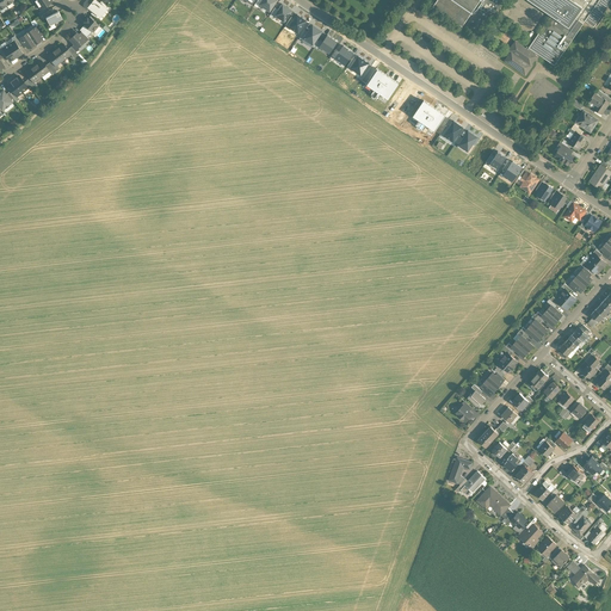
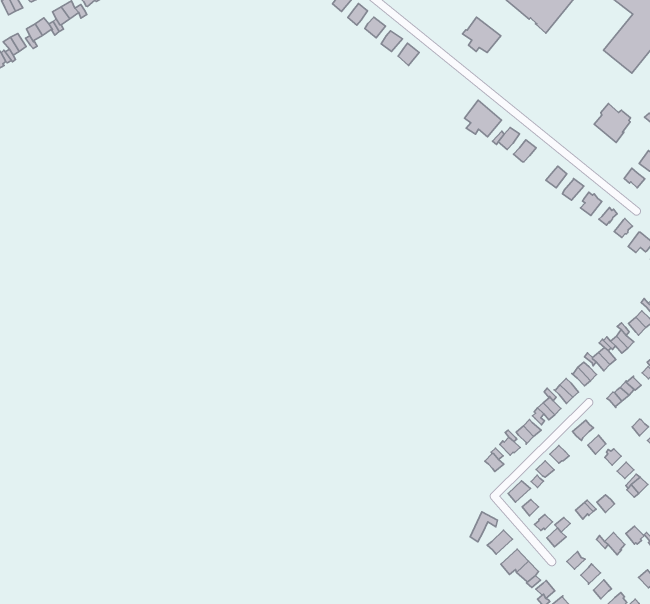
building: [504,42,535,75] -> [594,103,631,143]
building: [364,69,397,99] -> [463,17,501,52]

